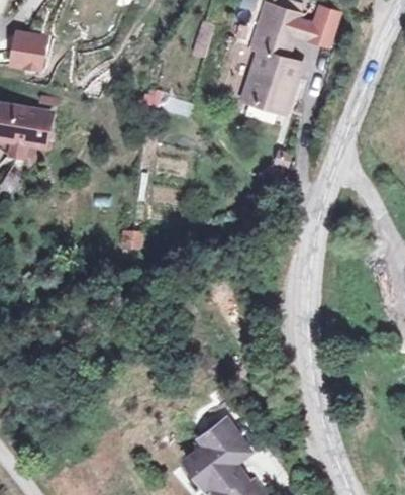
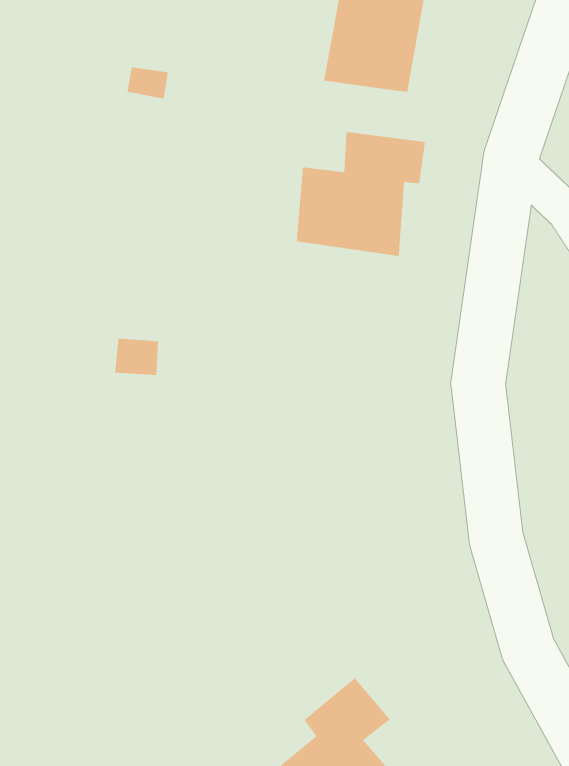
building: none -> [296,131,426,257]

